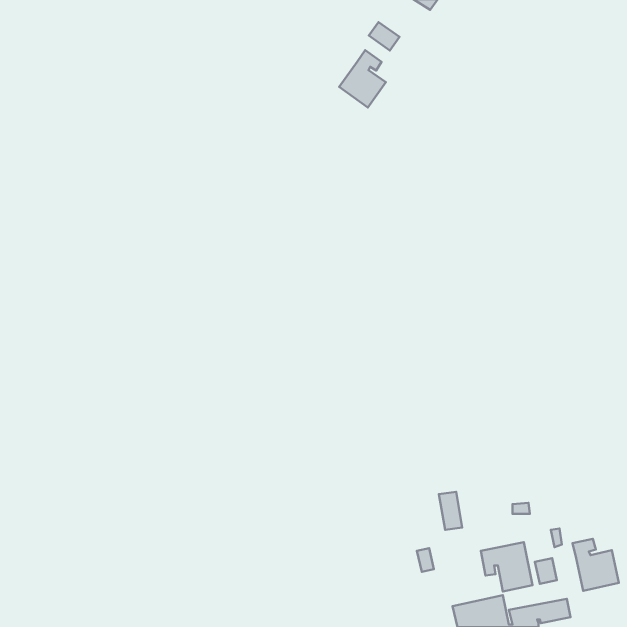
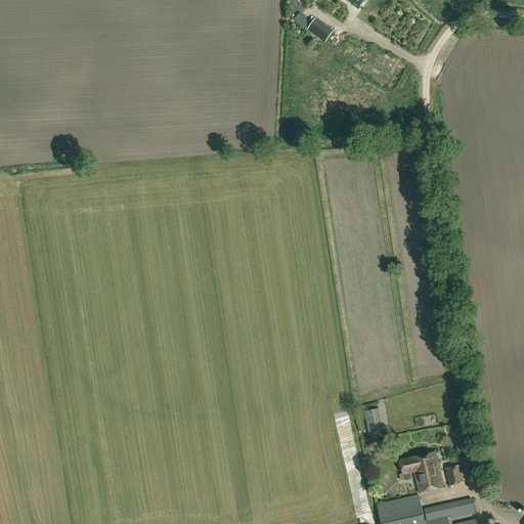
building: [339,50,386,107] -> none
building: [573,539,619,591] -> none

